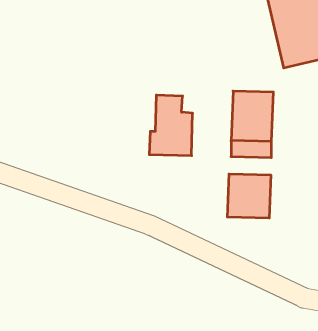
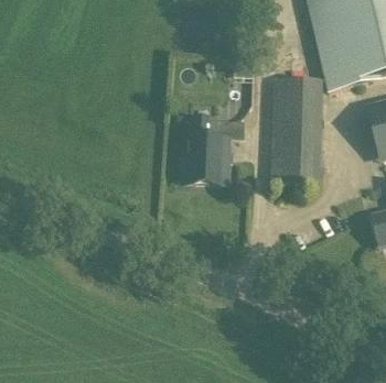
building: none -> [272,77,318,114]
building: [227,174,271,218] -> none

